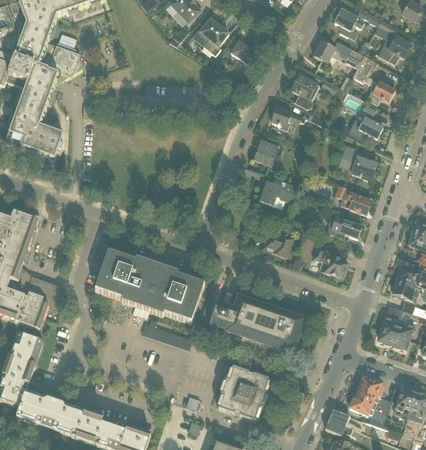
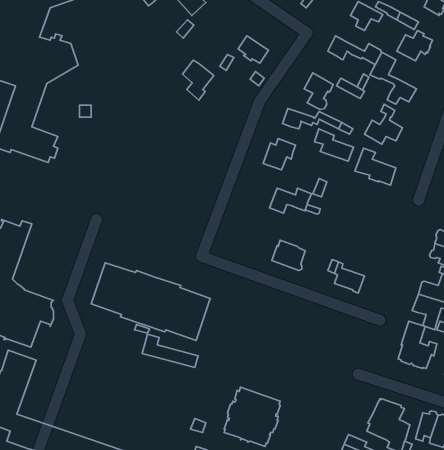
building: [199,18,228,55] -> [182,60,214,100]
building: [334,183,370,213] -> [315,129,353,161]
building: [329,215,361,237] -> none
building: [204,292,305,354] -> none

